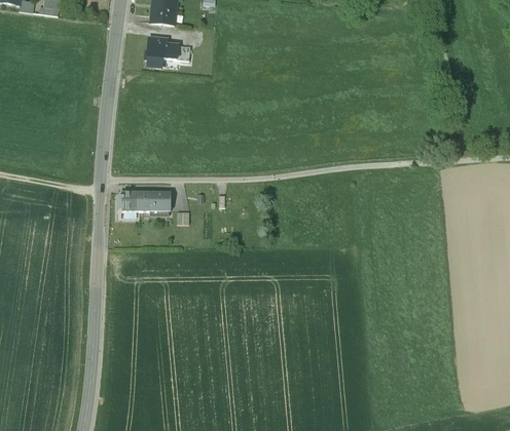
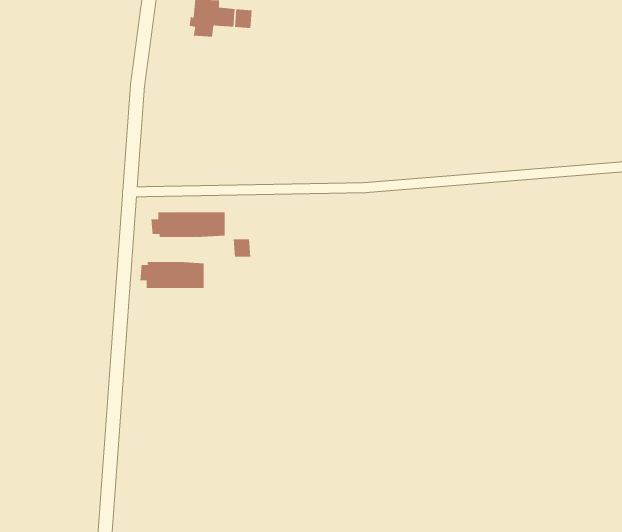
building: none -> [140,261,204,289]

